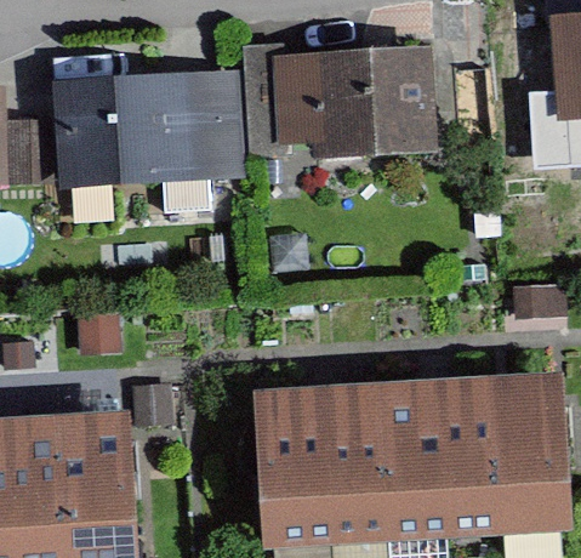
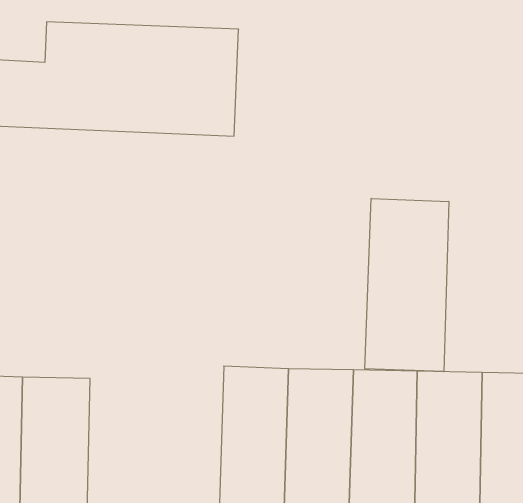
building: [289,46,439,161] -> none
building: none -> [365,198,449,372]

